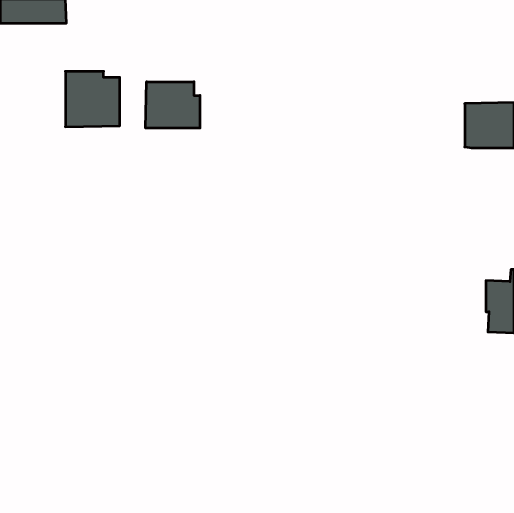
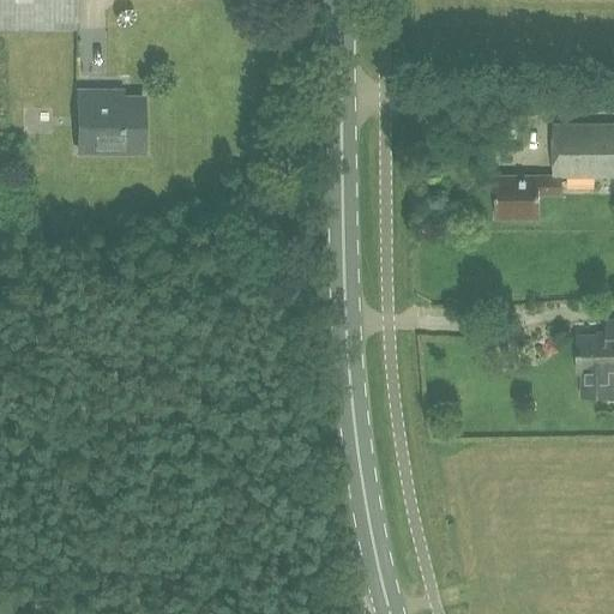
building: [146,82,200,128] -> none
building: none -> [496,175,562,218]

